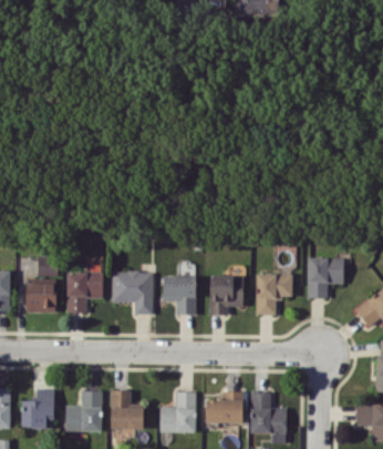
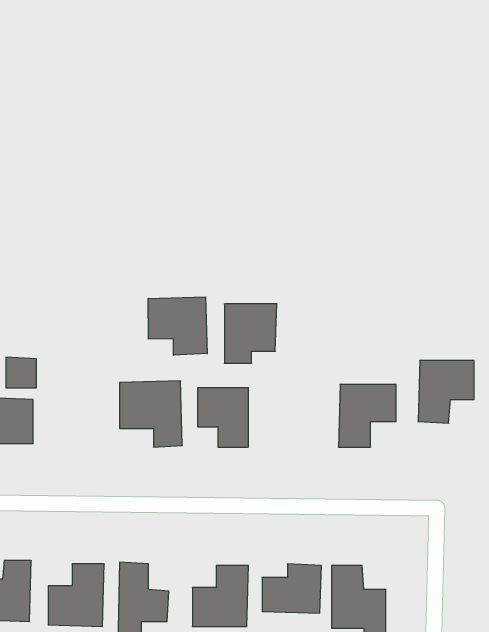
building: none -> [148,297,207,355]
building: [66,272,102,314] -> none
building: [209,276,244,315] -> [224,304,277,363]

